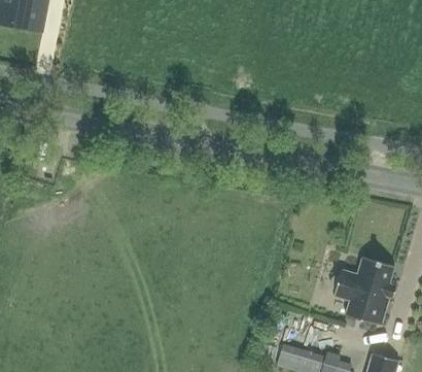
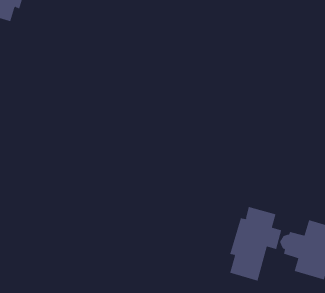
building: none -> [229,206,282,281]

